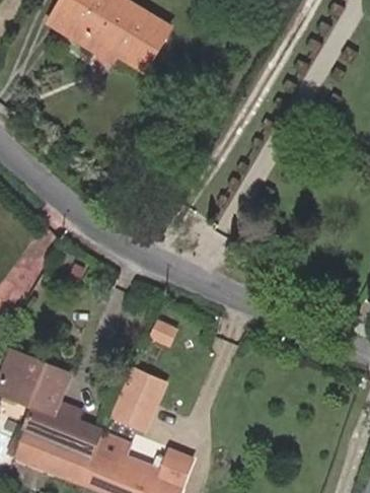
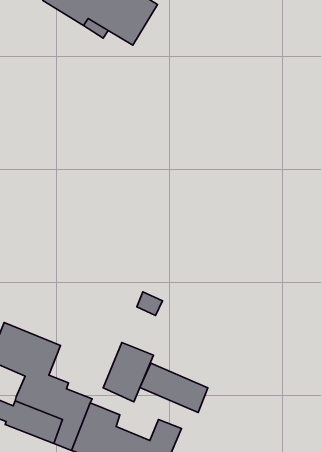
building: none -> [140,363,208,413]

